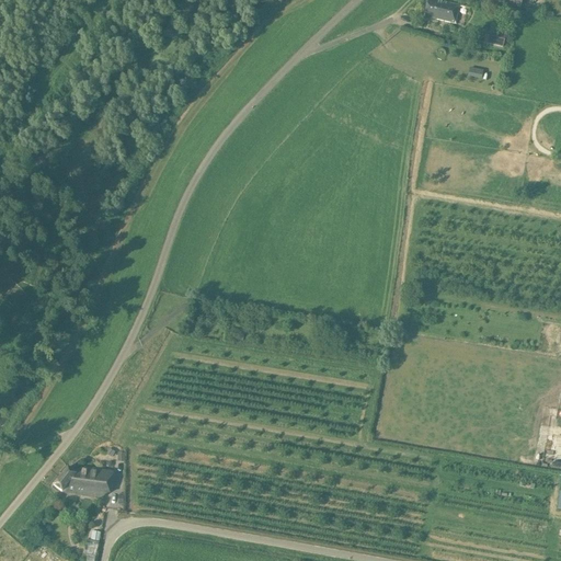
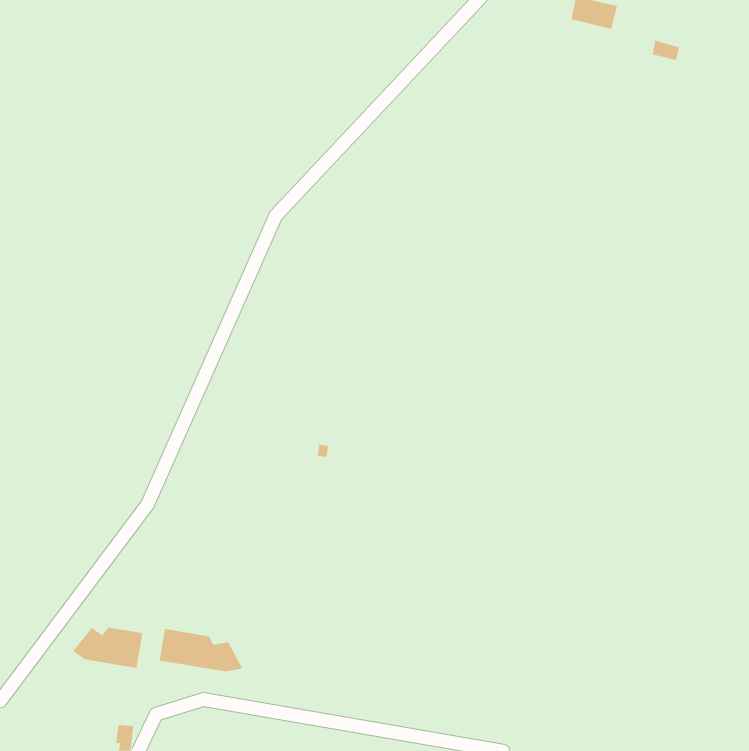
building: none -> [159,628,243,672]

